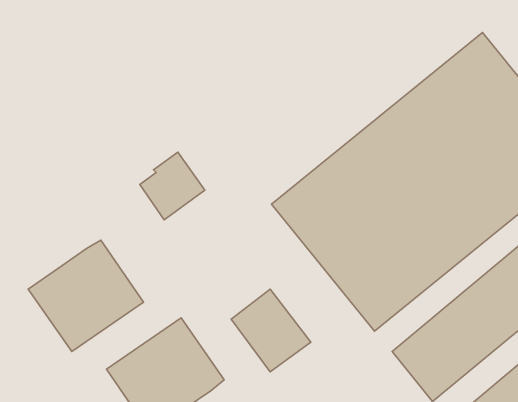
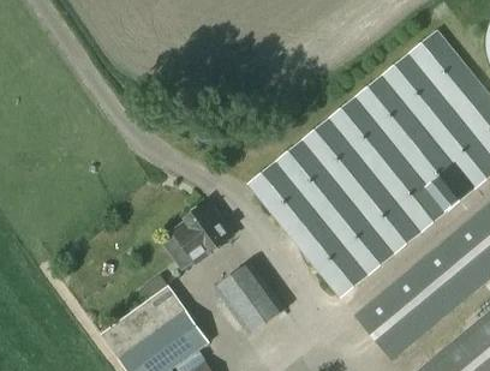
building: [140,152,205,220] -> [173,202,231,262]
building: [28,240,143,351] -> none

